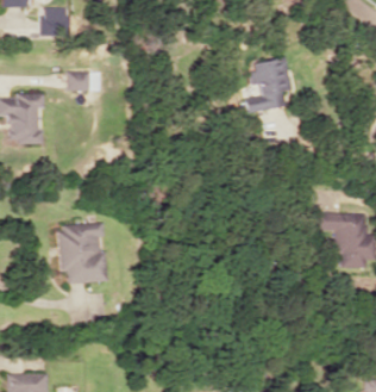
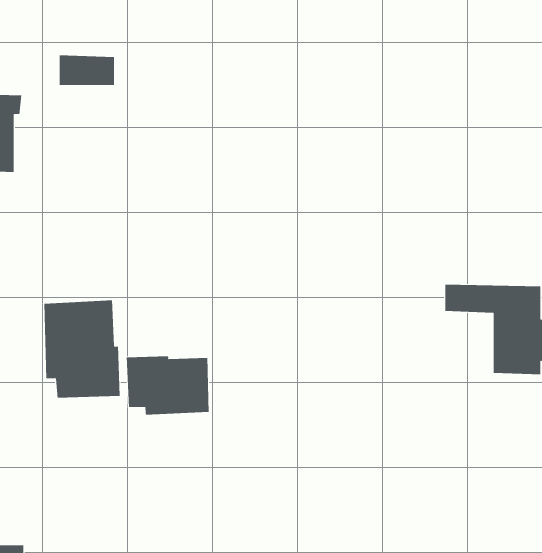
building: [245,56,290,112] -> none
building: none -> [126,355,209,416]

